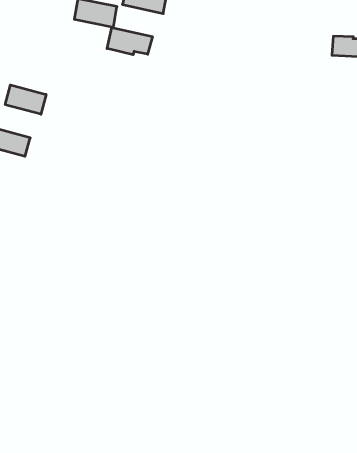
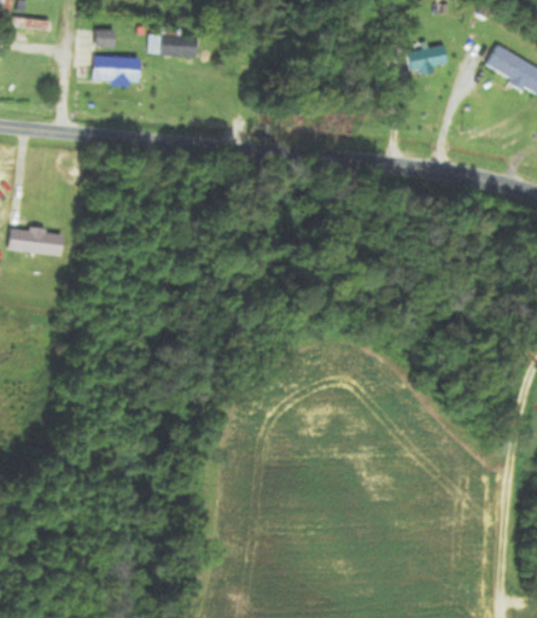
building: [107,27,152,55] -> none
building: [5,85,46,114] -> none

